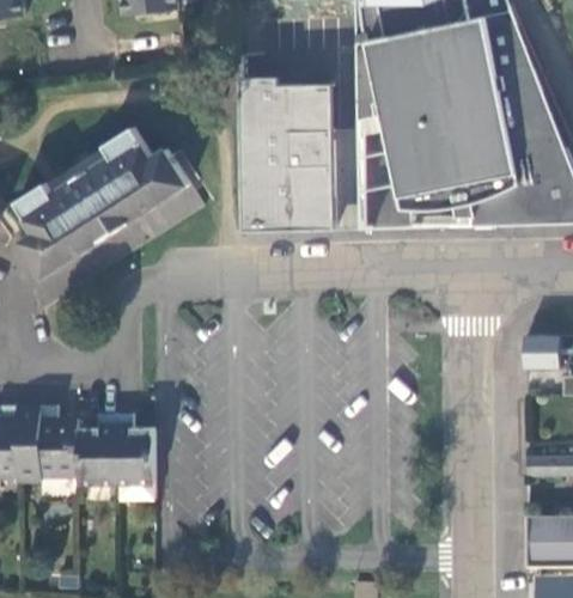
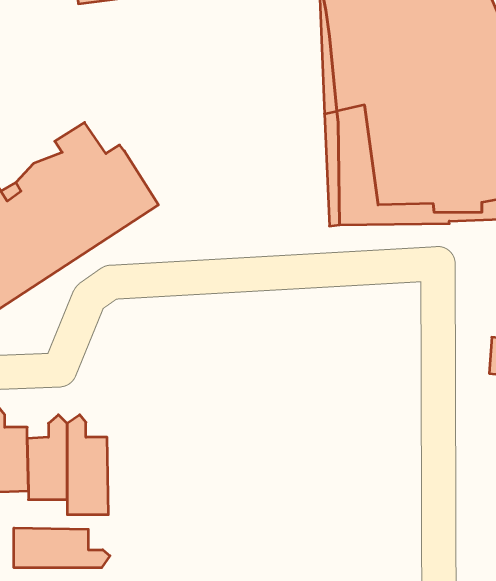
building: [238,73,335,228] -> none
building: none -> [14,528,110,568]

